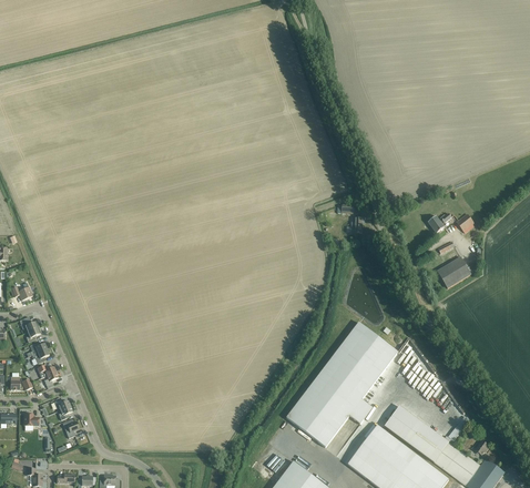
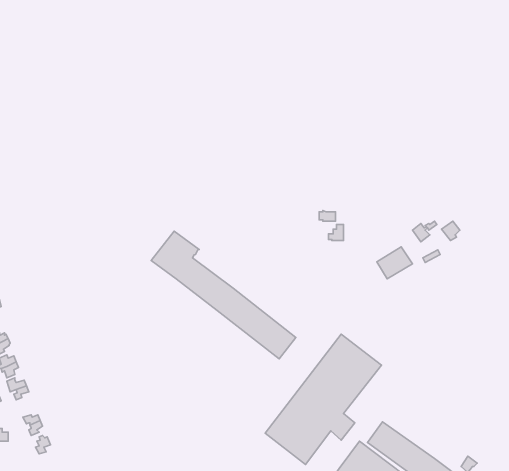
building: none -> [151,231,296,359]
building: [437,256,471,287] -> [377,247,413,279]

